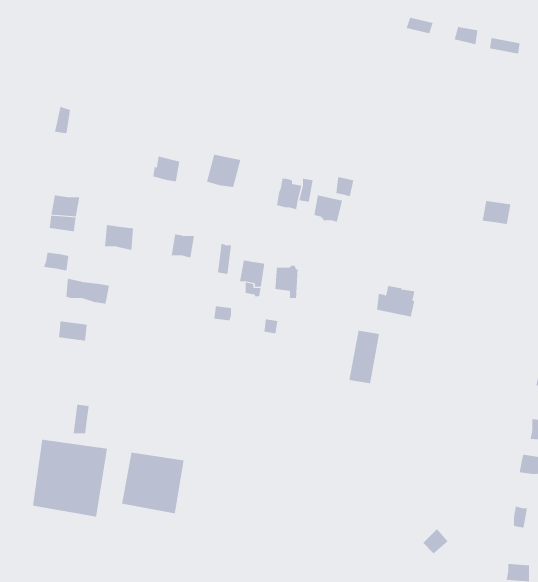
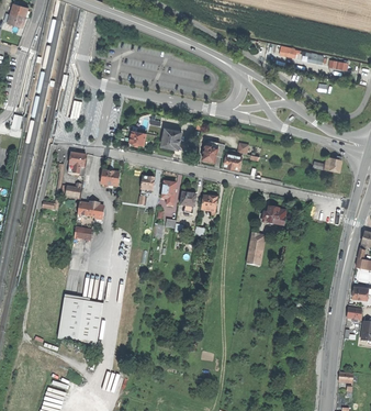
building: [121,452,184,514] -> none

